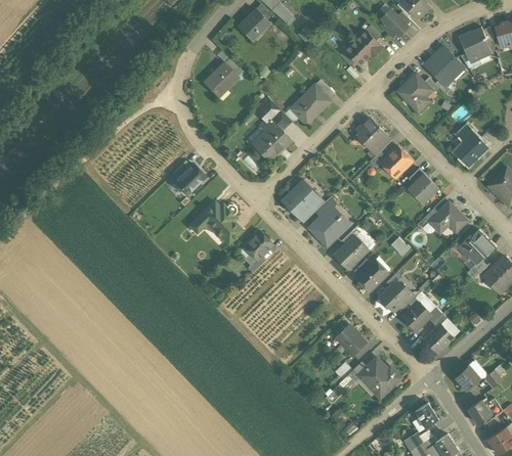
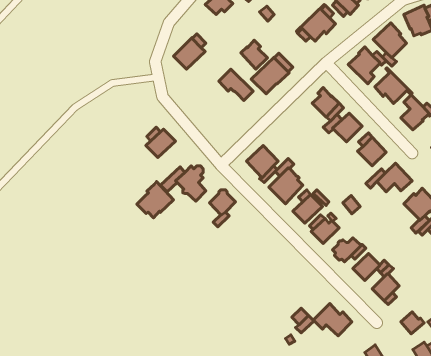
building: none -> [241,40,268,69]
building: none -> [375,68,412,103]
building: [252,125,290,162] -> none
building: none -> [137,182,174,218]
building: [335,325,366,356] -> none

